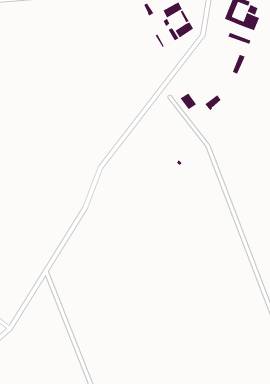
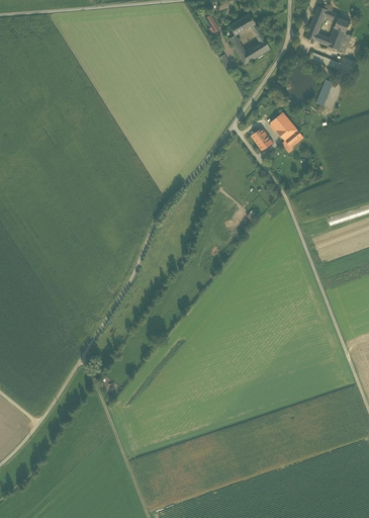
building: none -> [270,112,298,141]

